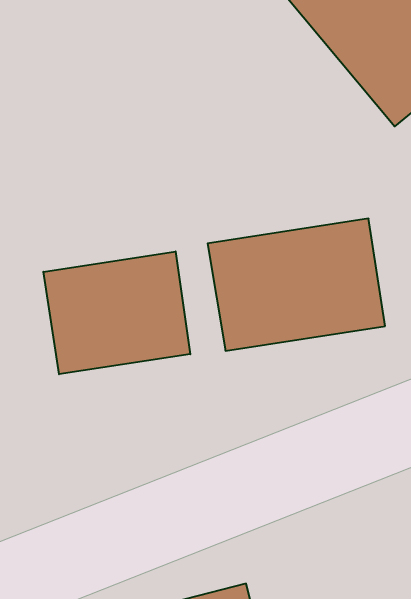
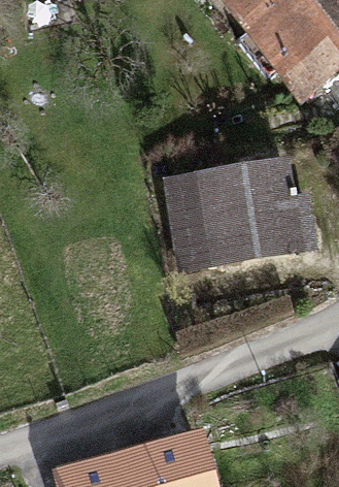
building: [43,251,190,374] -> none

